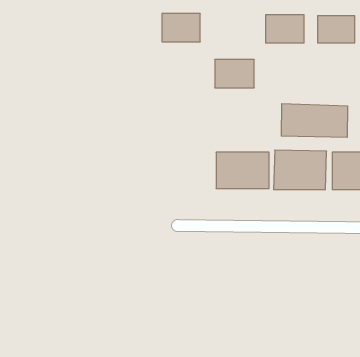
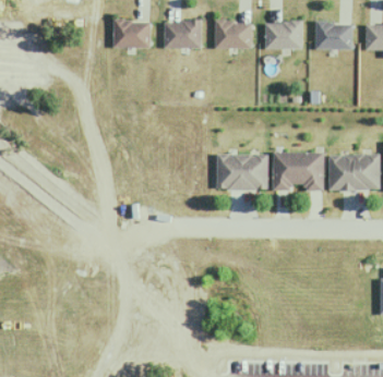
building: none -> [113,19,151,47]
building: [215,60,254,88] -> [214,20,252,47]
building: [281,104,347,137] -> none

